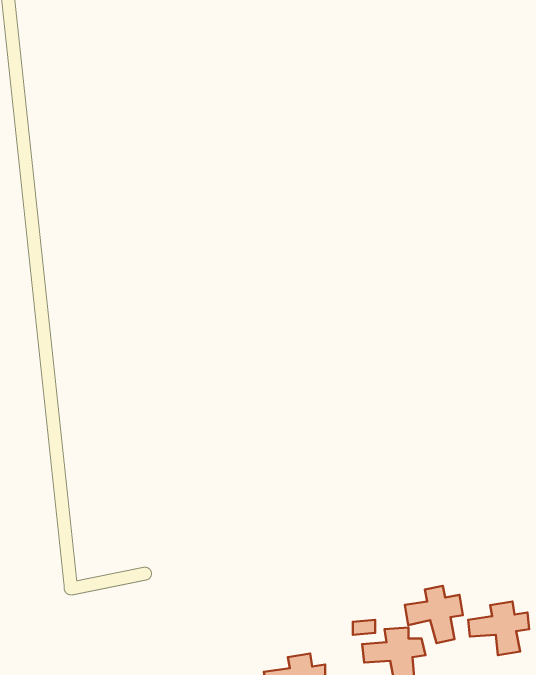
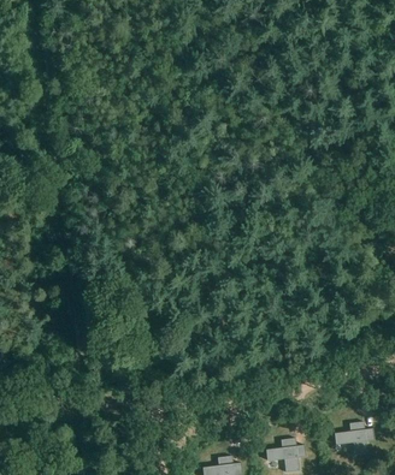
building: [405,586,463,643] -> none

